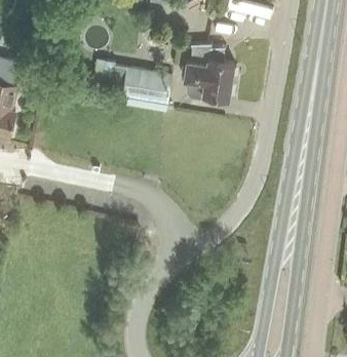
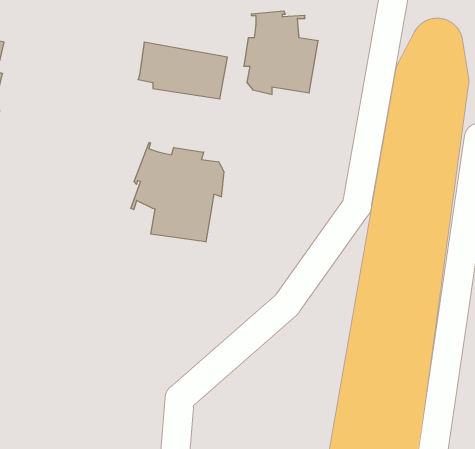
building: none -> [131,142,224,242]

